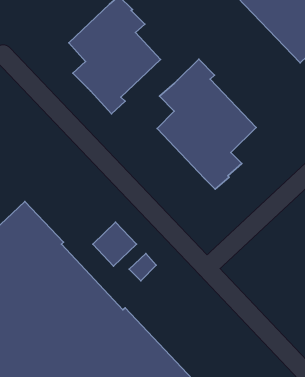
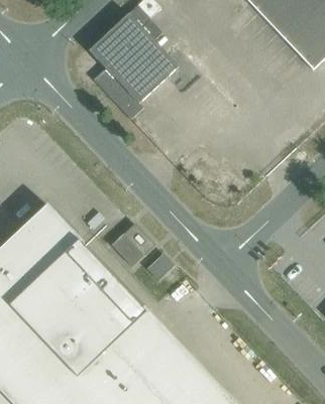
building: [157,59,256,189] -> none

